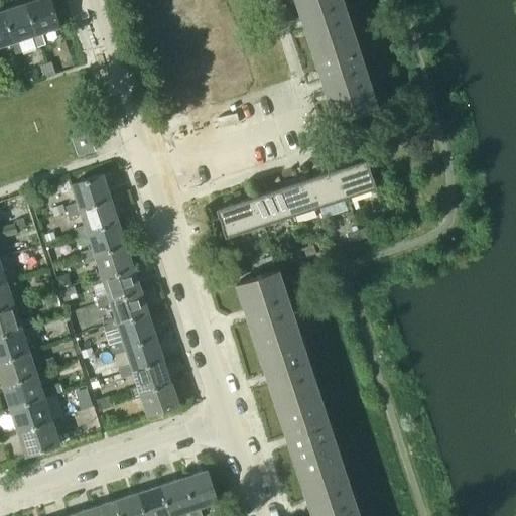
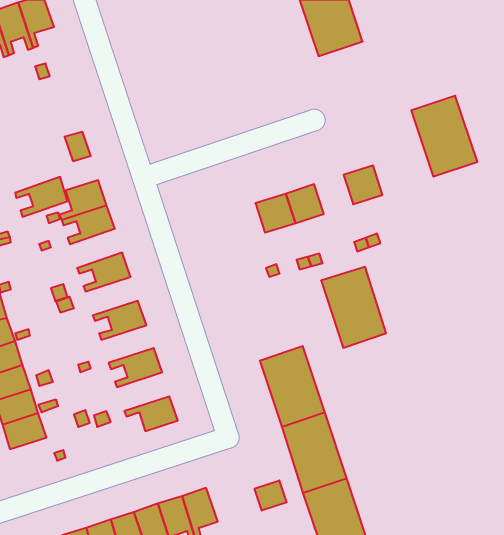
building: [313,41,377,119] -> [411,96,477,177]
building: [309,169,347,207] -> none
building: [216,197,262,237] -> none
building: [75,221,125,259] -> [15,177,68,217]
building: [90,267,140,304] -> none
building: [236,270,298,348] -> [321,267,386,348]
building: [105,313,155,350] -> none
building: [120,359,170,396] -> none
building: [17,421,59,457] -> none
building: none -> [255,480,287,511]

